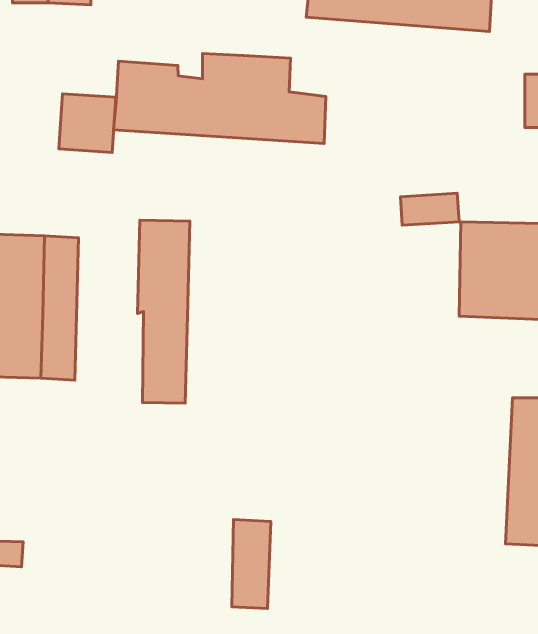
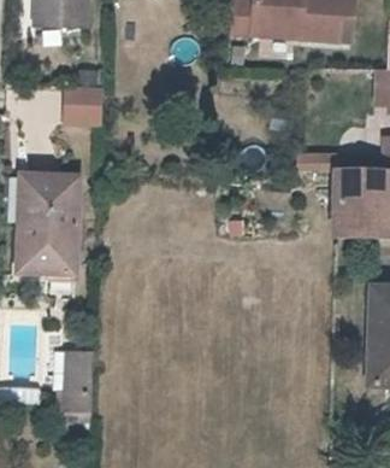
building: [114,53,326,144] -> none
building: [137,220,190,403] -> none
building: [232,520,271,609] -> [65,359,91,420]

